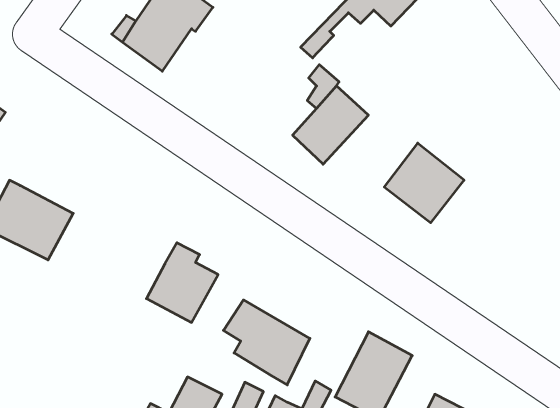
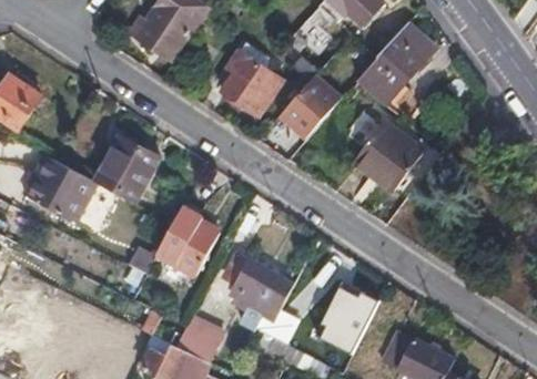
building: none -> [357,22,435,105]
building: none -> [223,52,282,114]
building: none -> [97,137,160,203]

